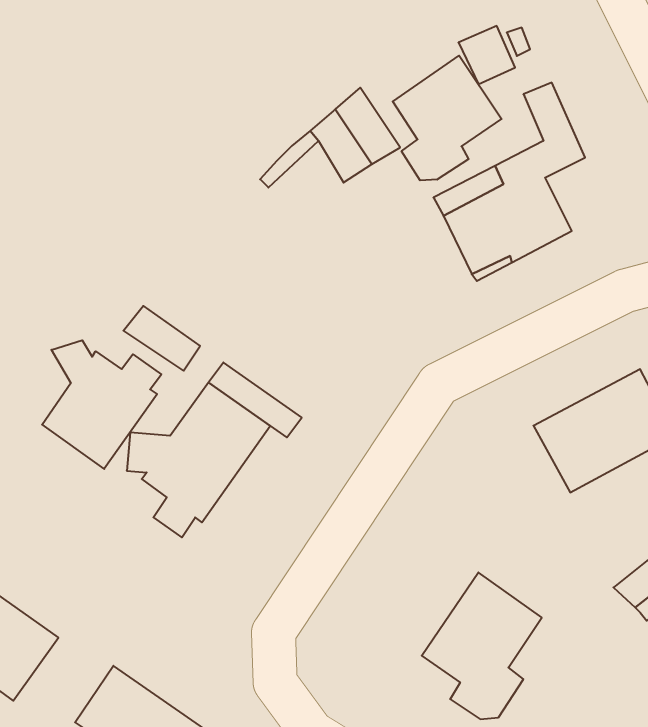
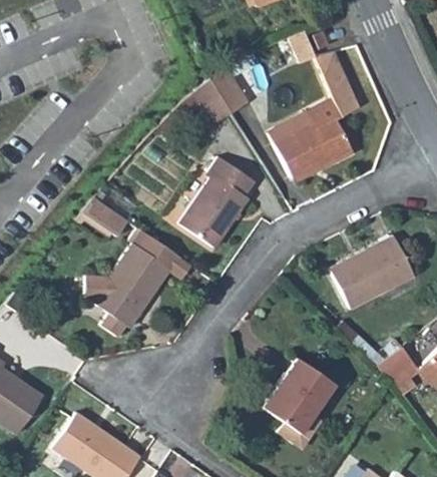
building: [393,56,502,180] -> none
building: none -> [181,156,256,247]
building: [42,340,161,469] -> none

